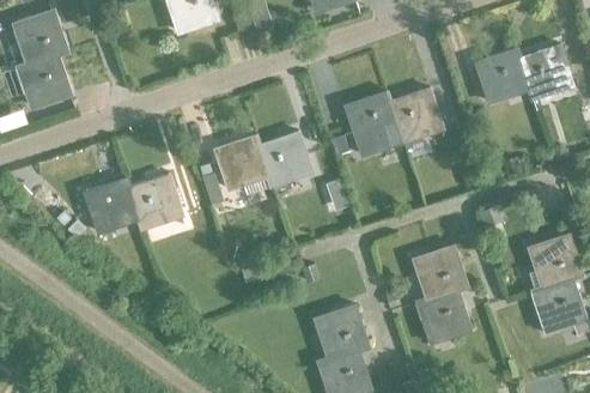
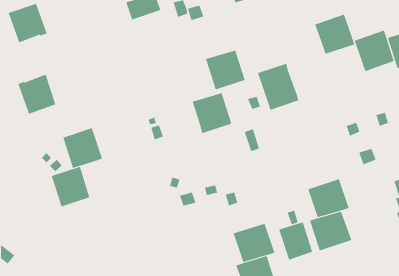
building: [17,54,68,108] -> [18,74,56,114]
building: [387,87,442,141] -> [314,14,355,54]
building: [214,135,268,189] -> [205,50,246,90]
building: [128,174,181,229] -> [51,166,90,207]
building: none -> [279,222,313,260]

